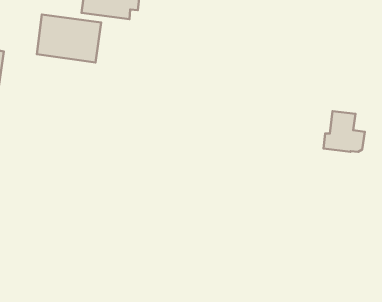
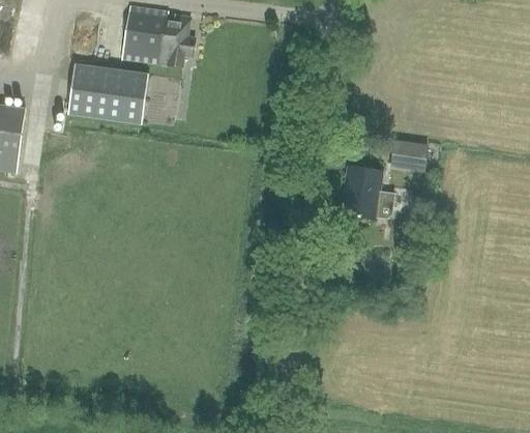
building: none -> [390,140,428,169]
building: [323,111,365,152] -> [343,168,394,219]

